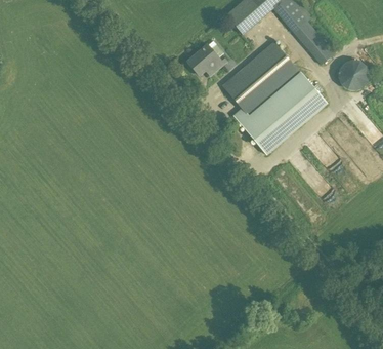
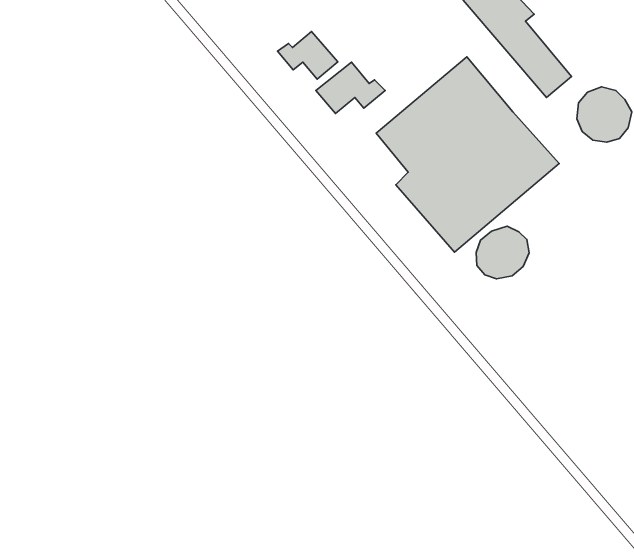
building: none -> [278,32,338,79]
building: none -> [476,226,529,279]

